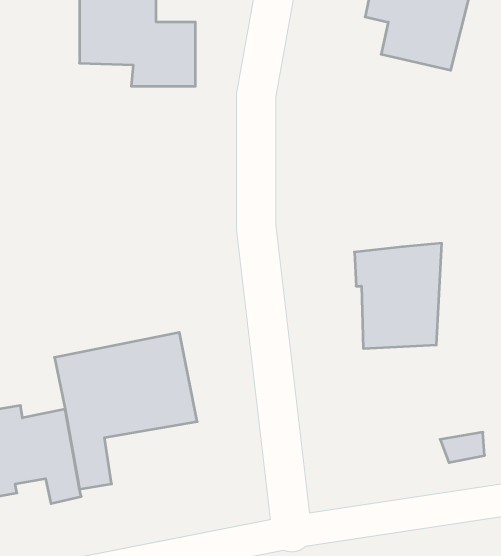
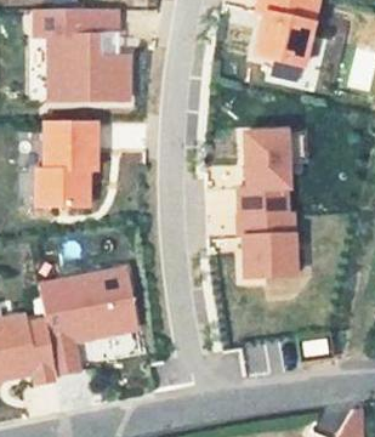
building: none -> [35,121,96,206]
building: none -> [227,130,280,215]

